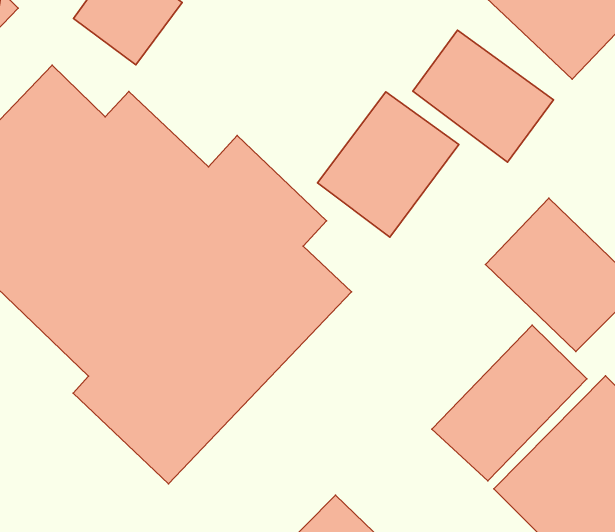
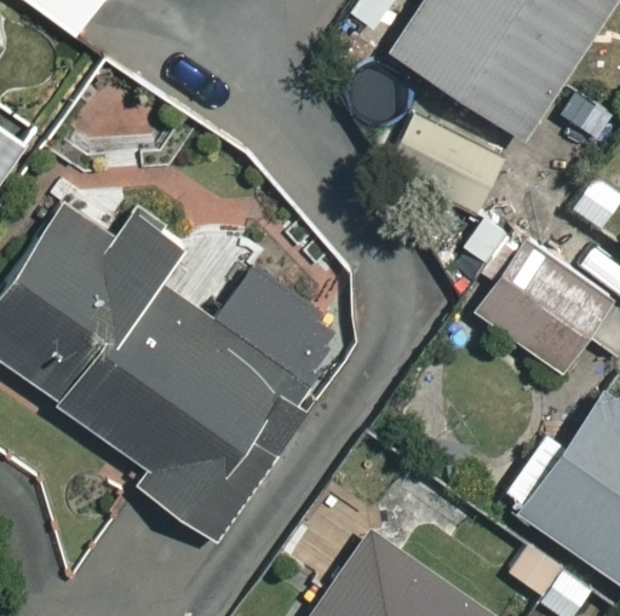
building: [317,92,459,237] -> none
building: [432,325,587,481] -> none

